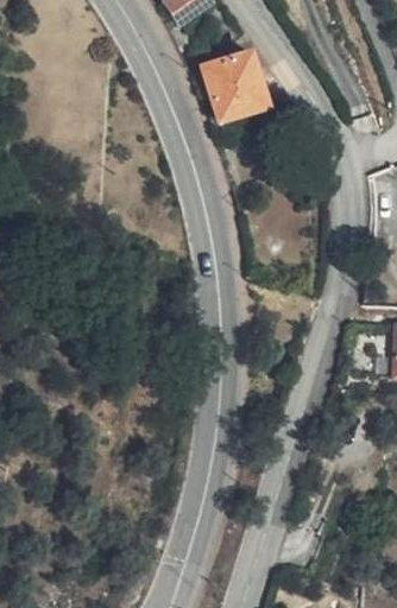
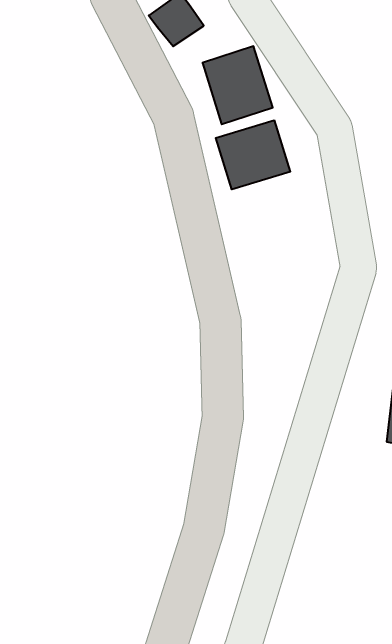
building: none -> [216,120,290,189]

